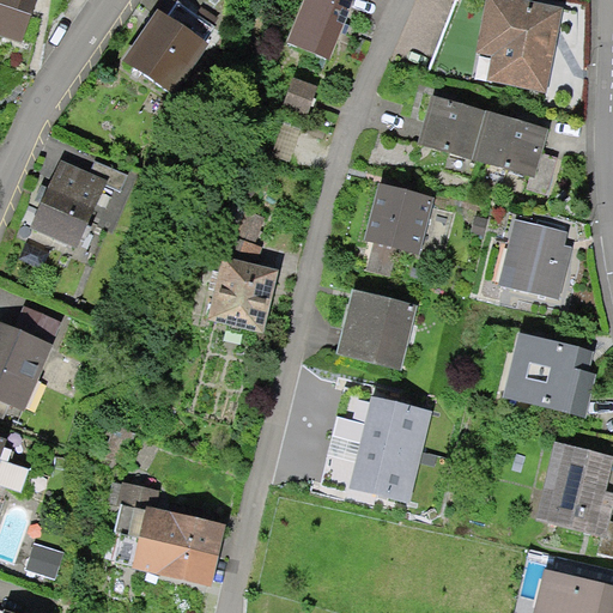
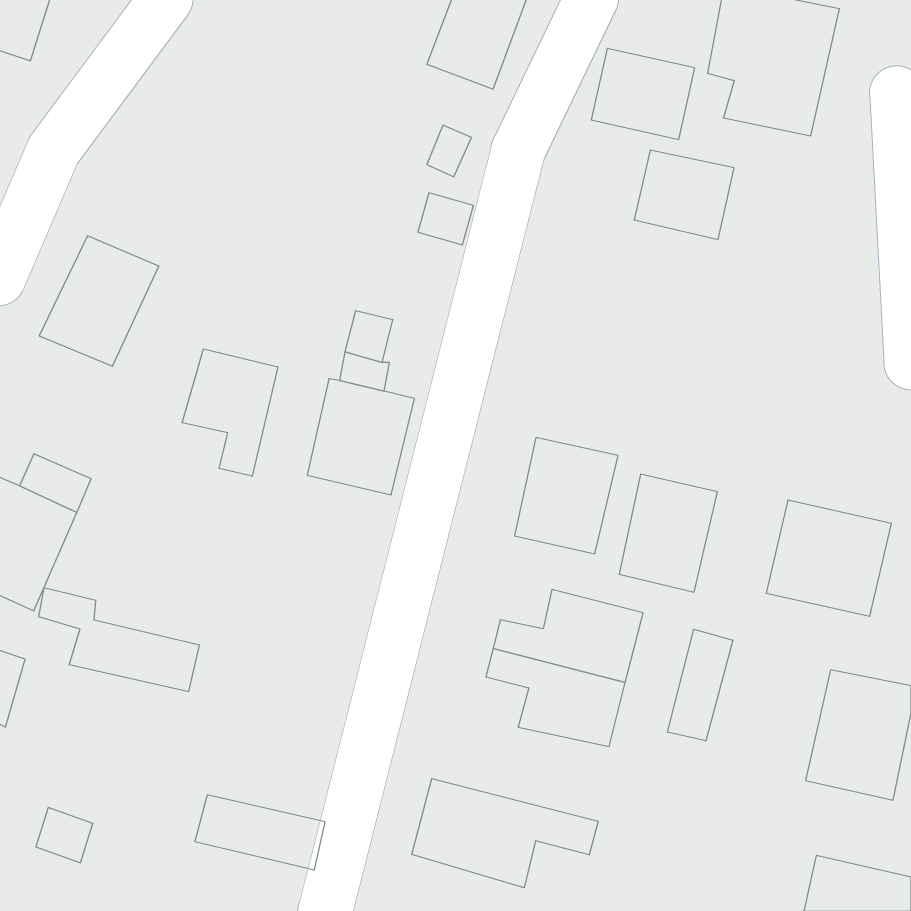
building: [122,7,208,93] -> none
building: [481,113,551,174] -> [591,48,695,139]
building: [371,187,432,256] -> none
building: [506,221,572,301] -> [619,474,717,592]
building: none -> [182,349,278,476]
building: none -> [667,629,733,741]
building: [117,480,225,550] -> [39,588,199,691]
building: none -> [412,778,598,888]

